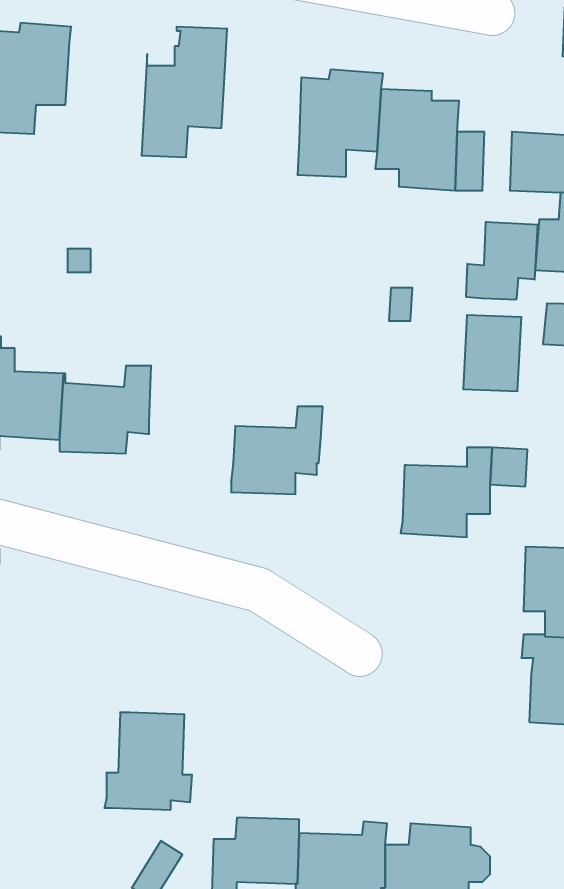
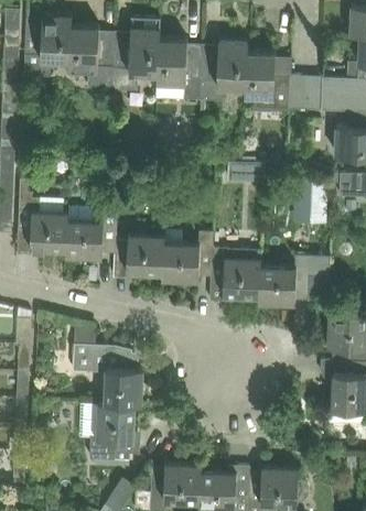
building: none -> [67,25,115,89]
building: none -> [155,39,202,100]
building: [466,222,538,300] -> none
building: none -> [114,233,164,279]
building: none -> [209,249,260,302]
building: none -> [74,329,143,406]

